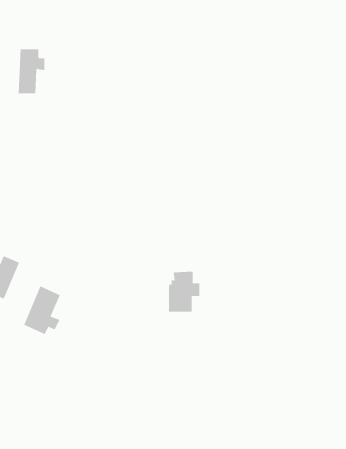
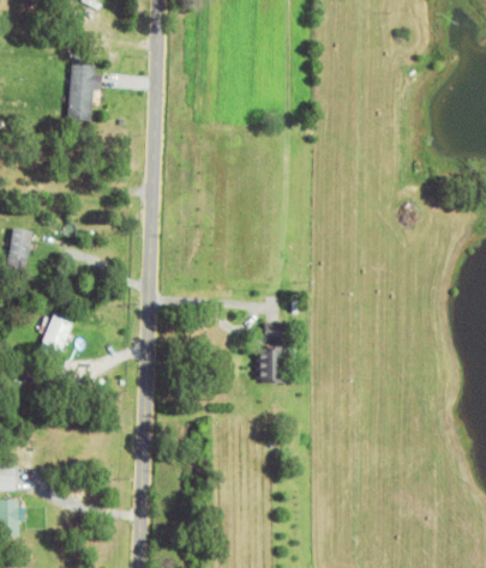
building: [24,286,60,335] -> none

